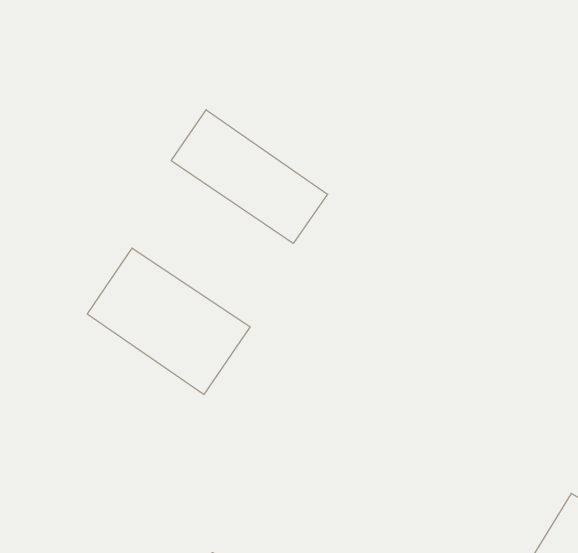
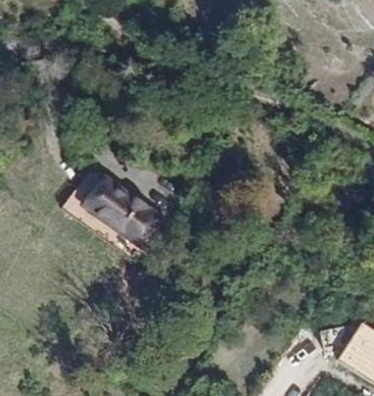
building: [171,110,328,243] -> none

